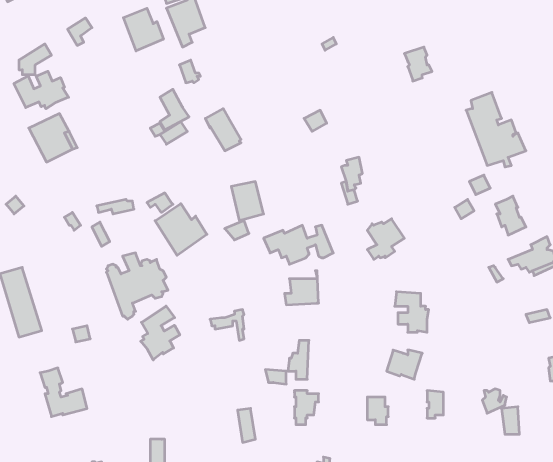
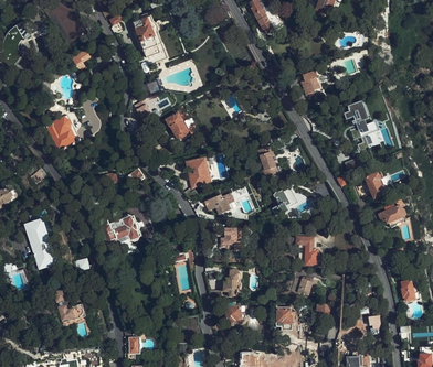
building: [123,8,163,51] -> none
building: [14,71,69,109] -> none
building: [155,204,207,255] -> none
building: [141,306,180,360] -> none

